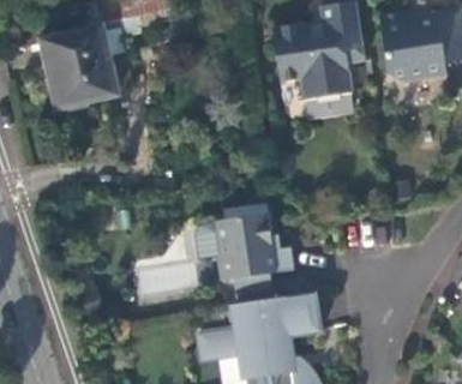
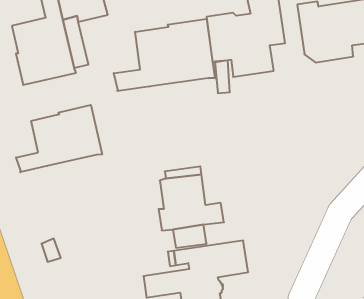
building: none -> [114,19,215,91]
building: none -> [16,105,102,172]

